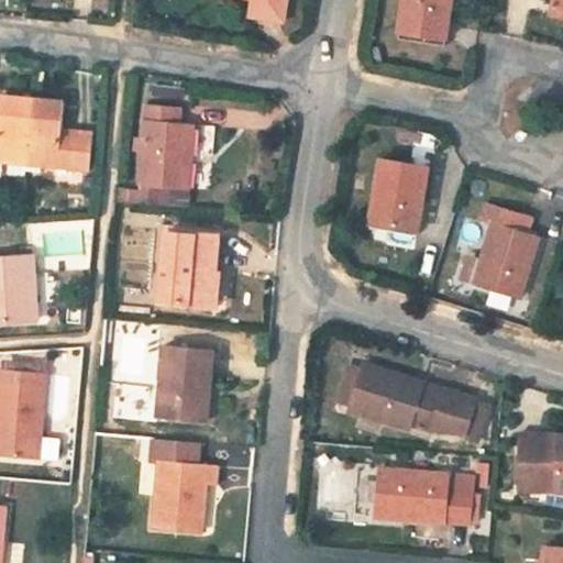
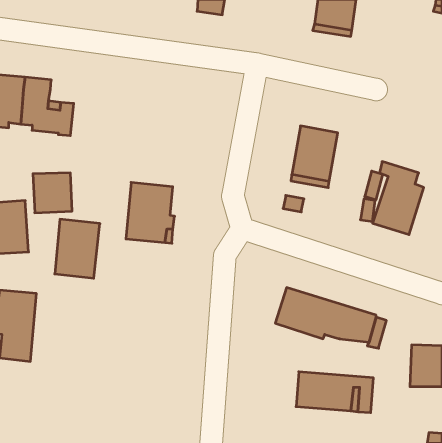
building: [139,106,192,190] -> none
building: [156,347,213,422] -> [55,219,100,278]
building: [151,440,219,531] -> none

